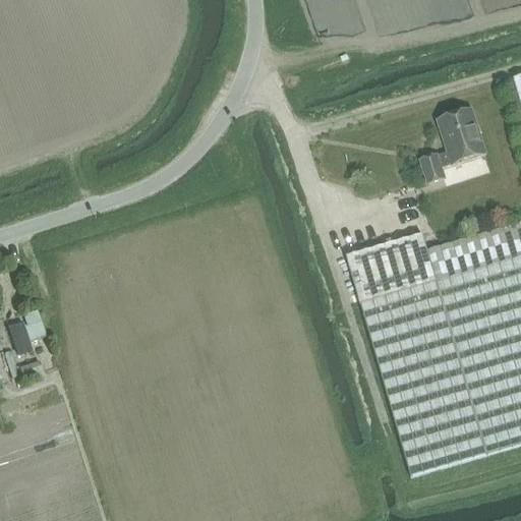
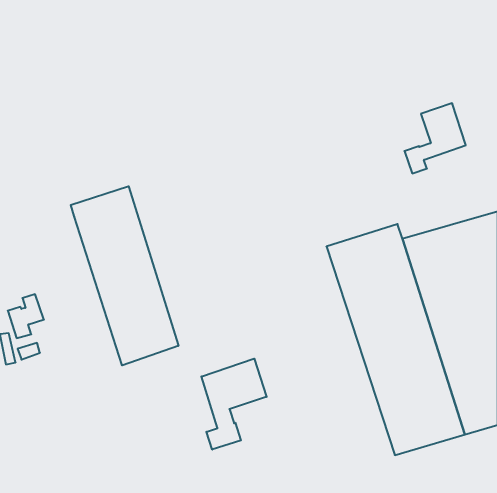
building: none -> [71,186,178,365]
building: none -> [201,359,267,450]

